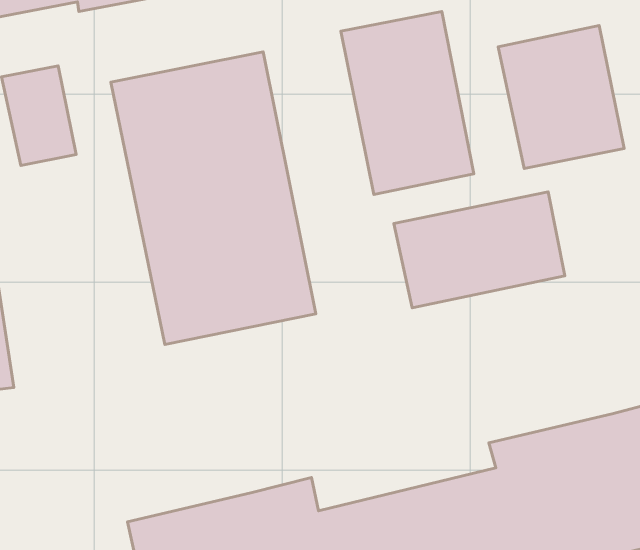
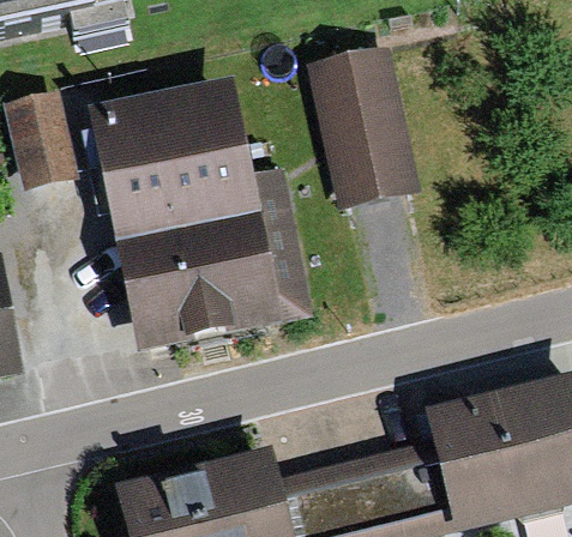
building: [498,25,624,169] -> none
building: [394,192,565,308] -> none

